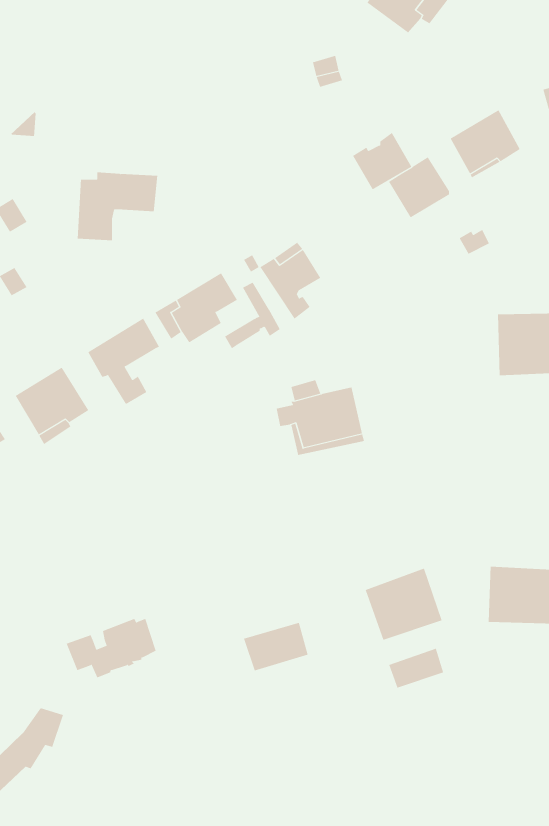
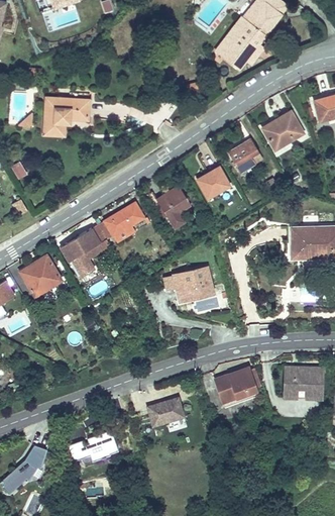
building: [352,132,412,190] -> [197,167,230,199]
building: [77,172,158,241] -> [44,98,90,136]
building: [224,282,280,349] -> [82,225,113,263]
building: [66,618,157,678] -> [68,432,118,466]
building: [388,648,444,689] -> none

